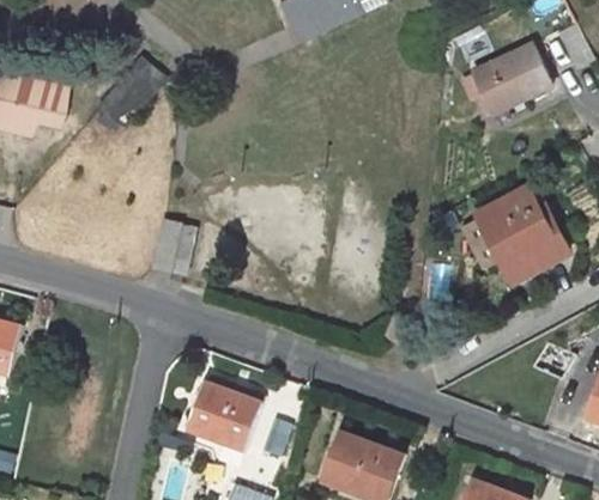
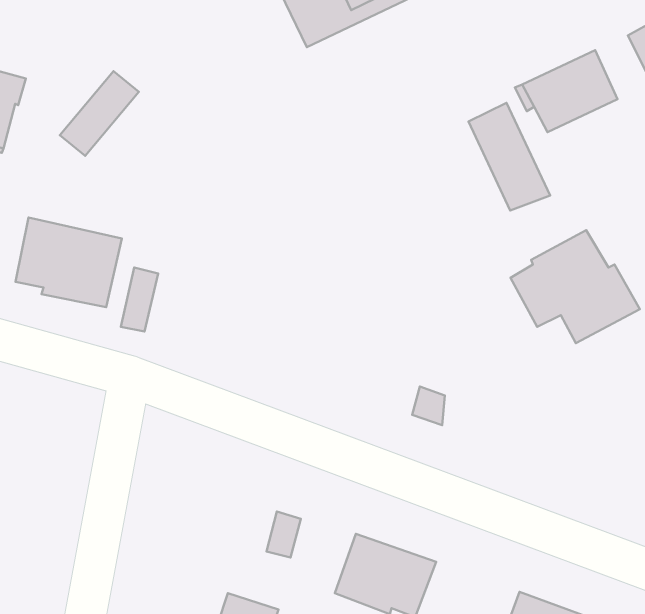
building: none -> [469,103,550,211]
building: none -> [16,217,122,307]
building: [187,382,261,446] -> none

